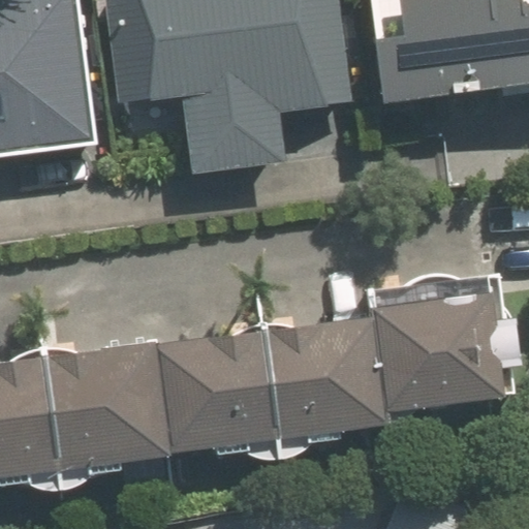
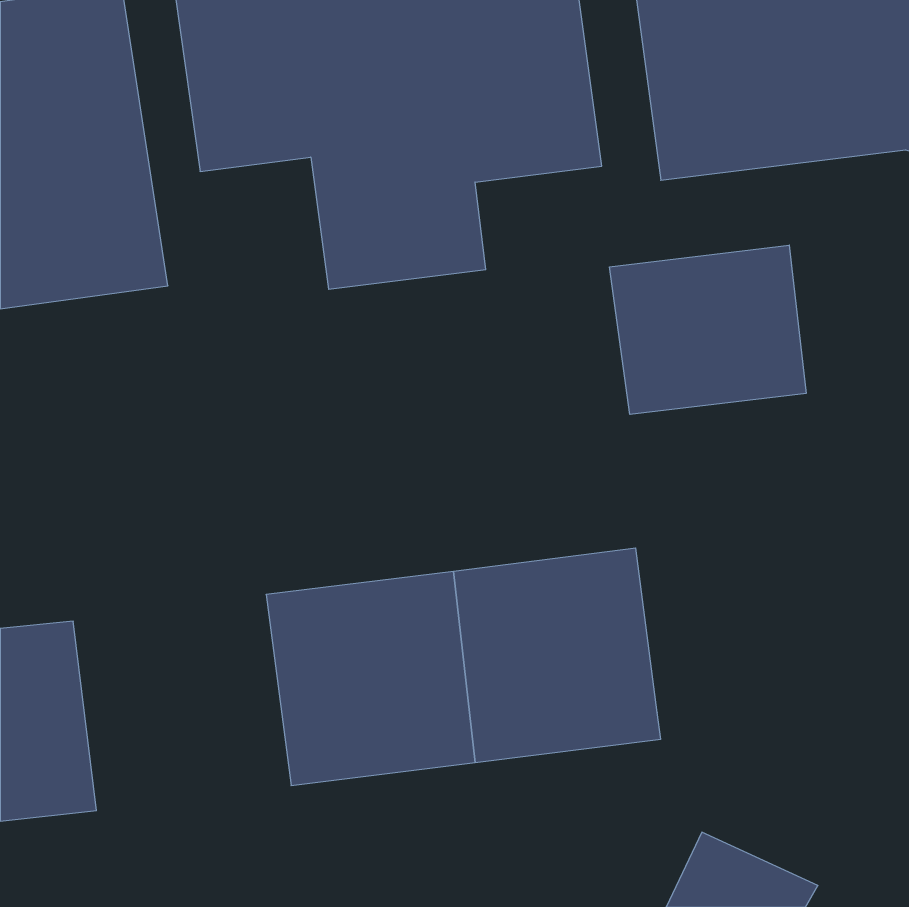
building: none -> [610,245,806,414]
building: [369,295,500,412] -> none
building: [44,344,170,469] -> none

